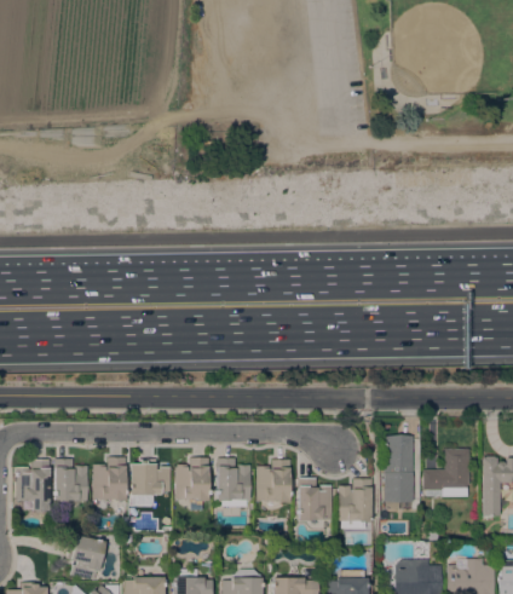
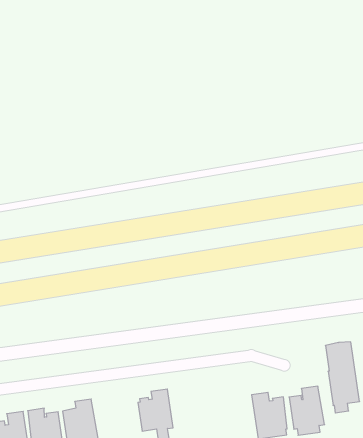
building: [218,459,250,508] -> none
building: [131,460,172,495] -> none
building: [258,460,290,512] -> none

